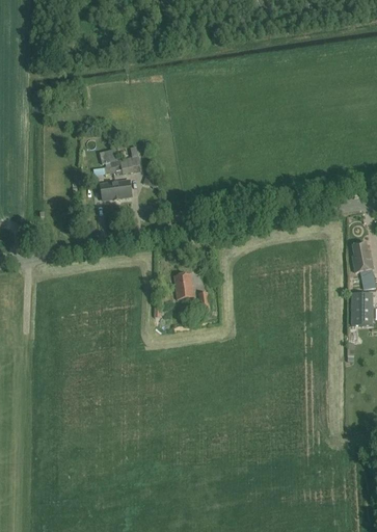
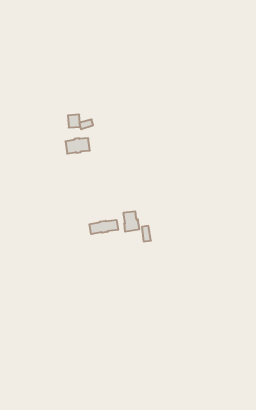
building: none -> [89,220,118,234]

